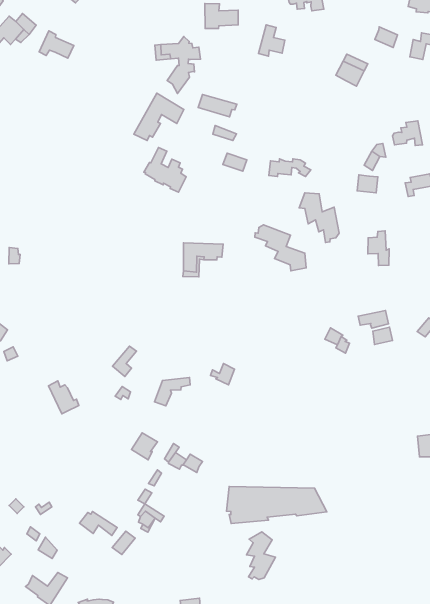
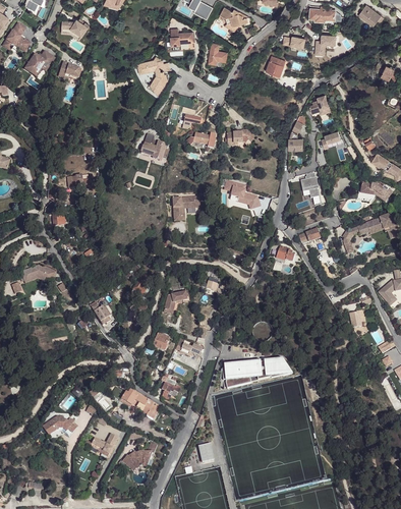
building: [134,93,184,140] -> none
building: [299,193,339,242] -> none
building: [247,532,276,579] -> none

